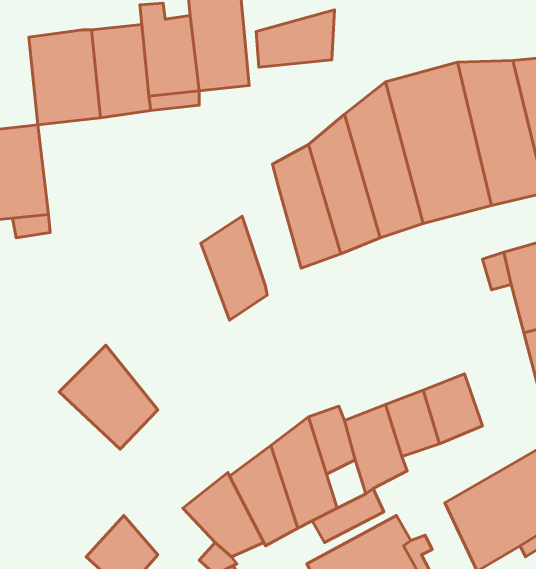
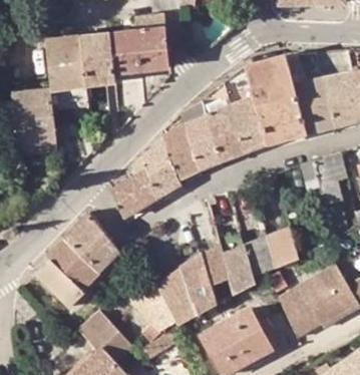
building: [256,10,335,67] -> none
building: none -> [162,123,198,179]
building: none -> [108,155,157,219]
building: none -> [35,239,96,307]

